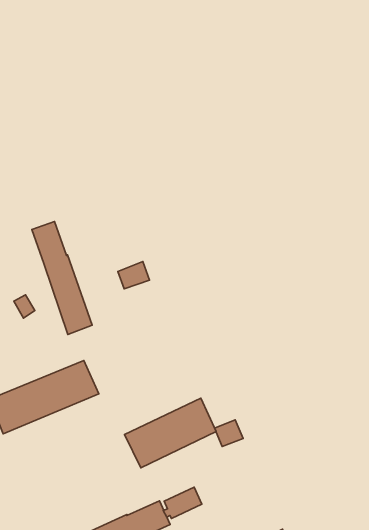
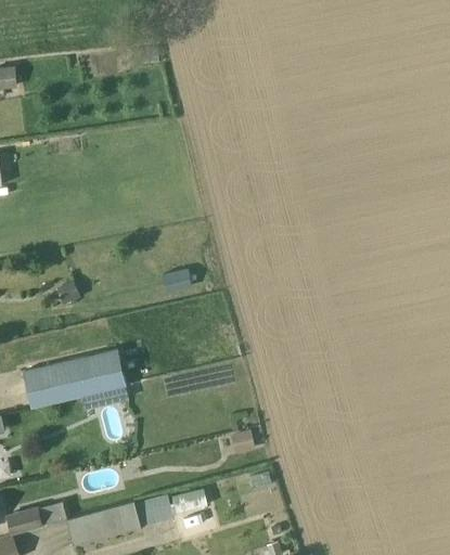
building: [32,222,92,334] -> none
building: [124,398,216,468] -> none

